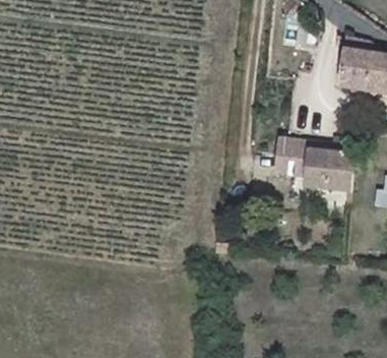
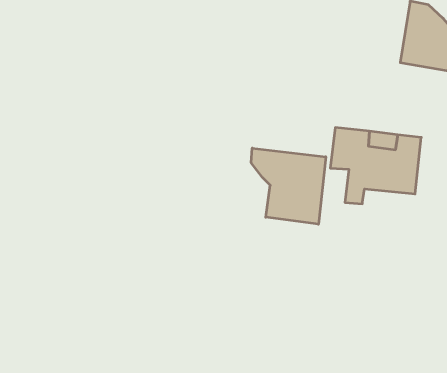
building: none -> [251,148,326,224]

